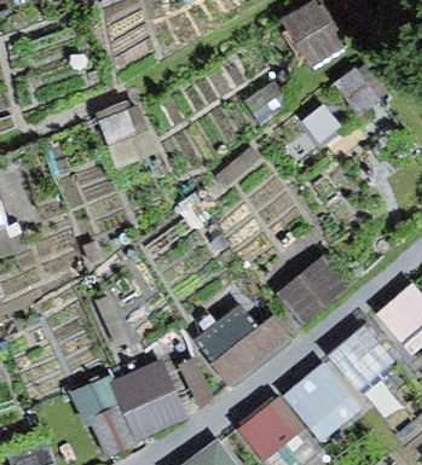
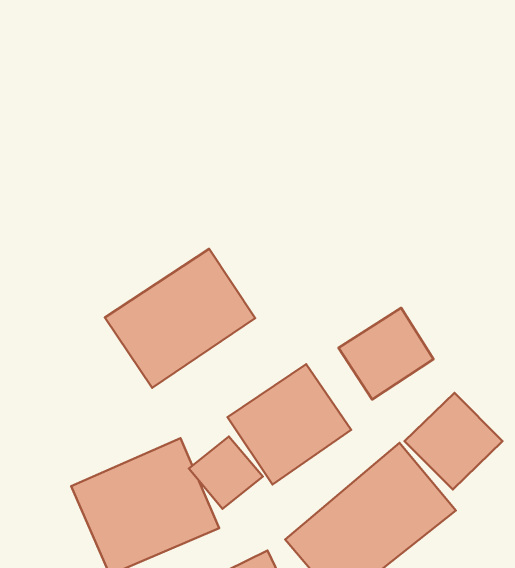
building: none -> [105,249,255,388]

